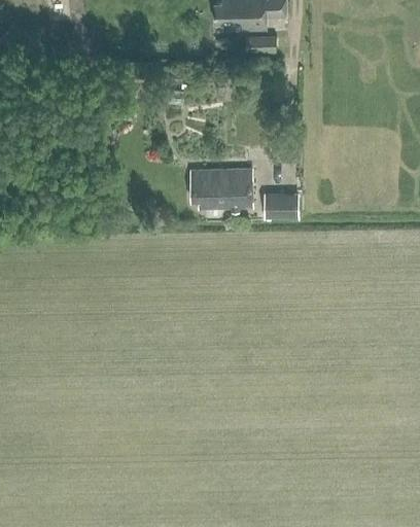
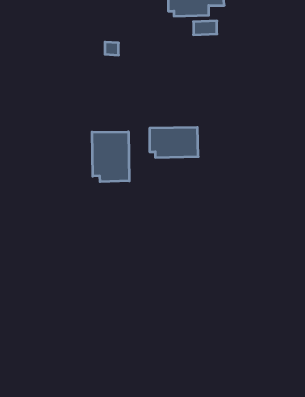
building: none -> [92,132,129,182]
building: [265,194,300,216] -> none

